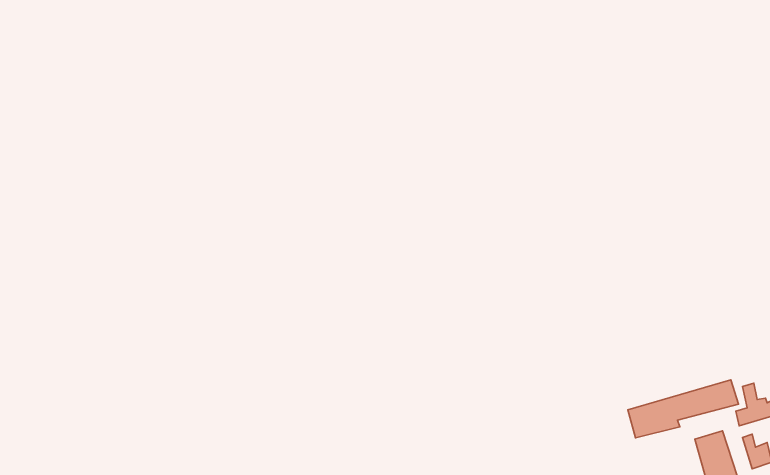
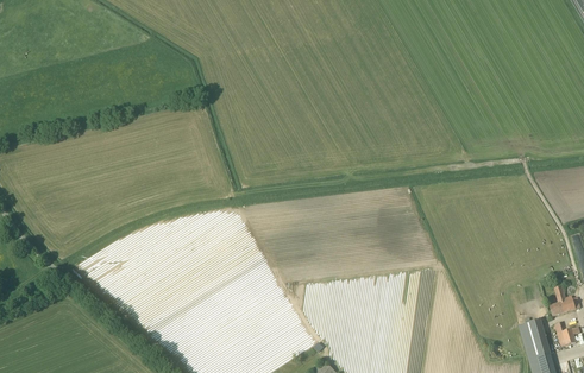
building: [628,380,738,438] -> none

